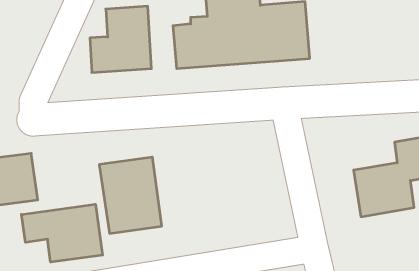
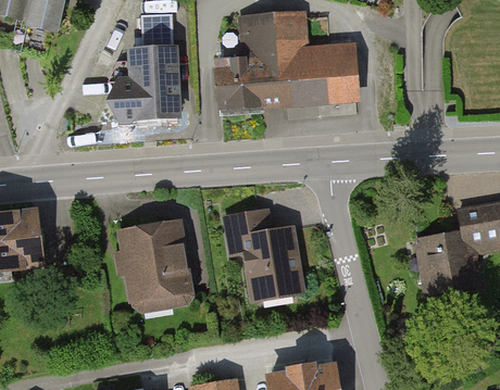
building: none -> [224,209,307,302]
building: [21,204,103,262] -> none

